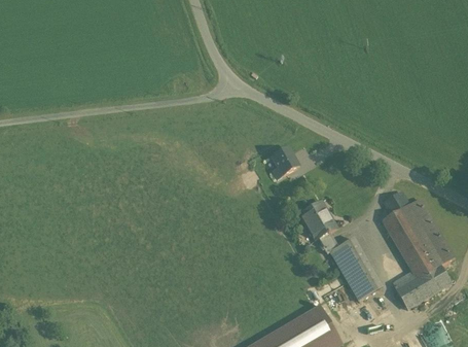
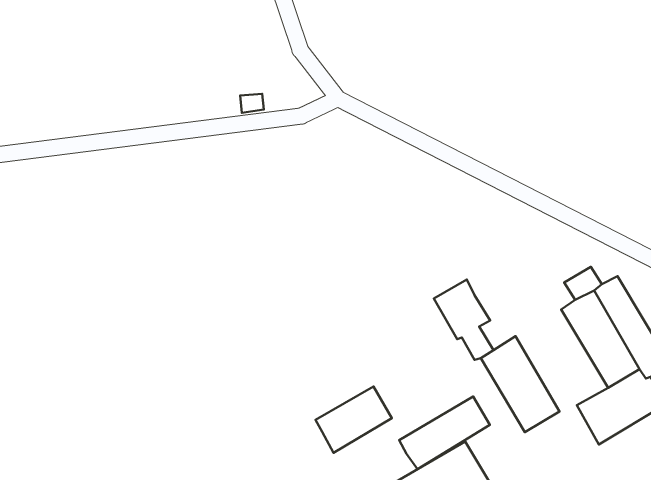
building: [269,145,298,177] -> none
building: none -> [316,387,392,453]
building: none -> [399,397,490,469]

